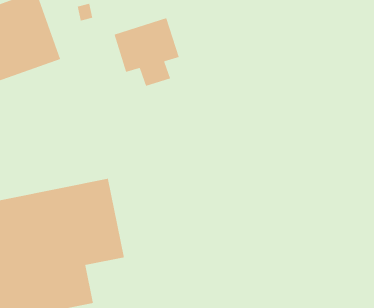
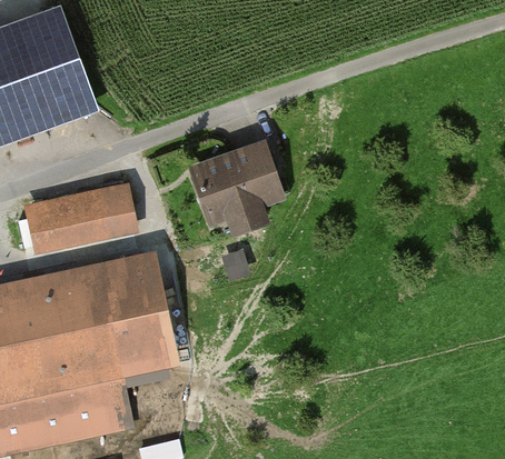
building: [114,17,180,87] -> [195,149,280,239]
building: none -> [26,181,137,251]

